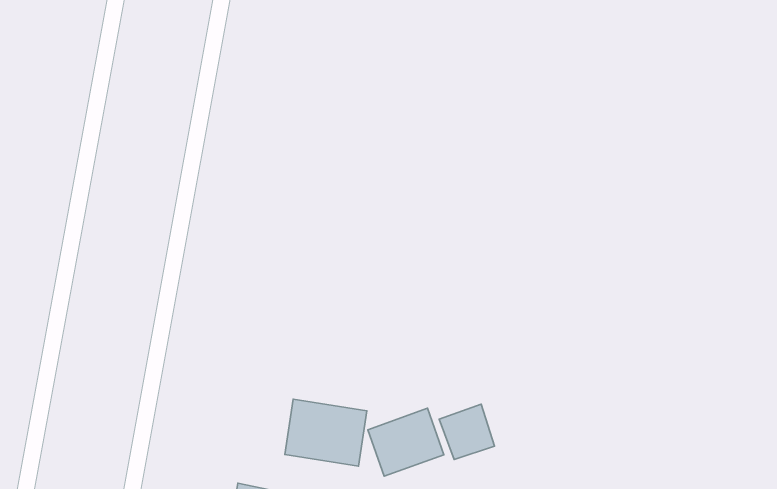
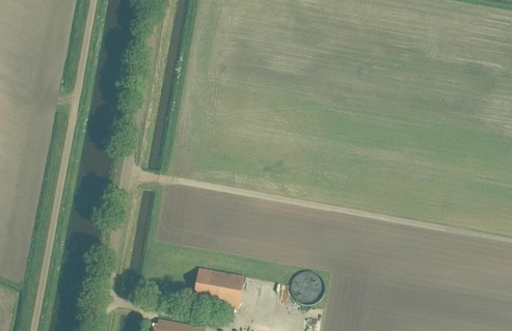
building: [368,408,444,476] -> none

